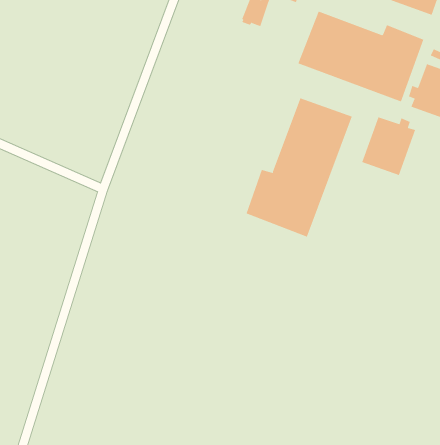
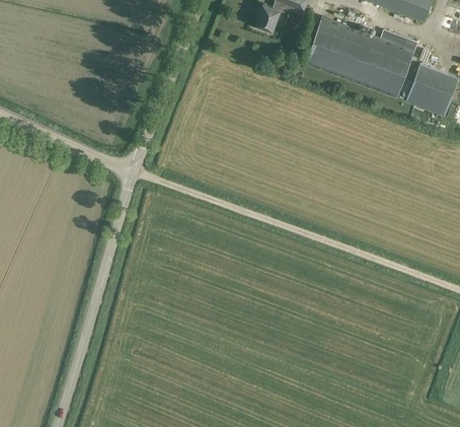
building: [246,98,352,237] -> none
building: [361,116,416,176] -> none

